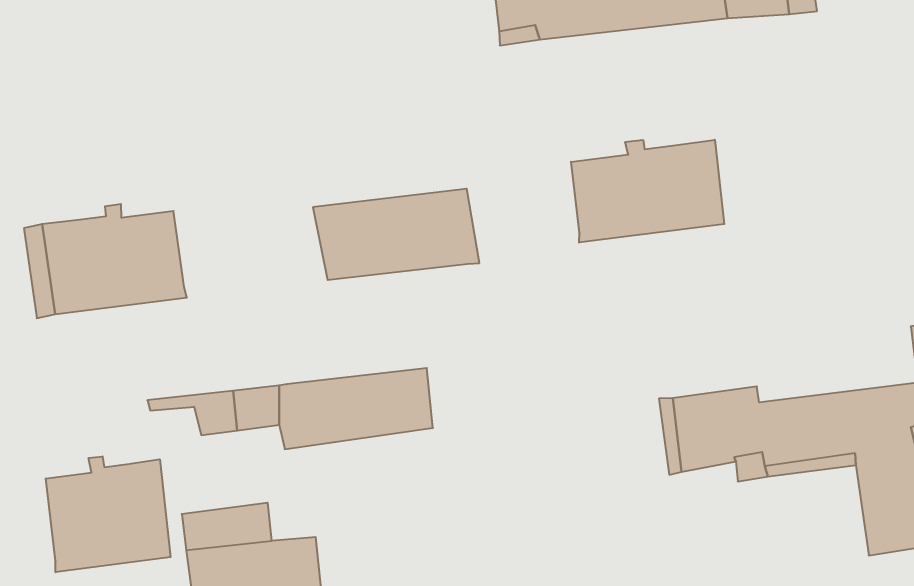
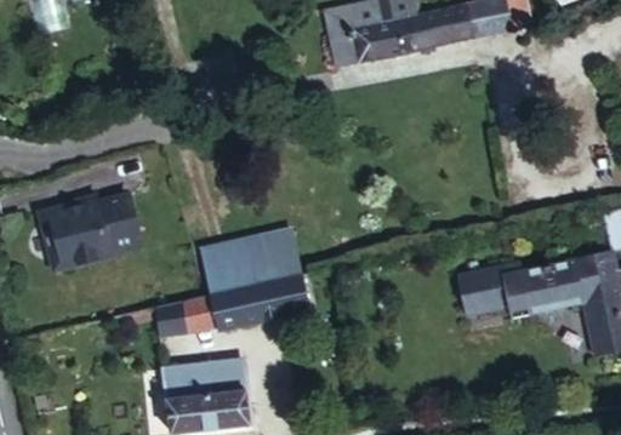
building: [571,140,724,243] -> none
building: [313,189,479,280] -> [206,224,312,288]
building: [46,456,171,572] -> none

